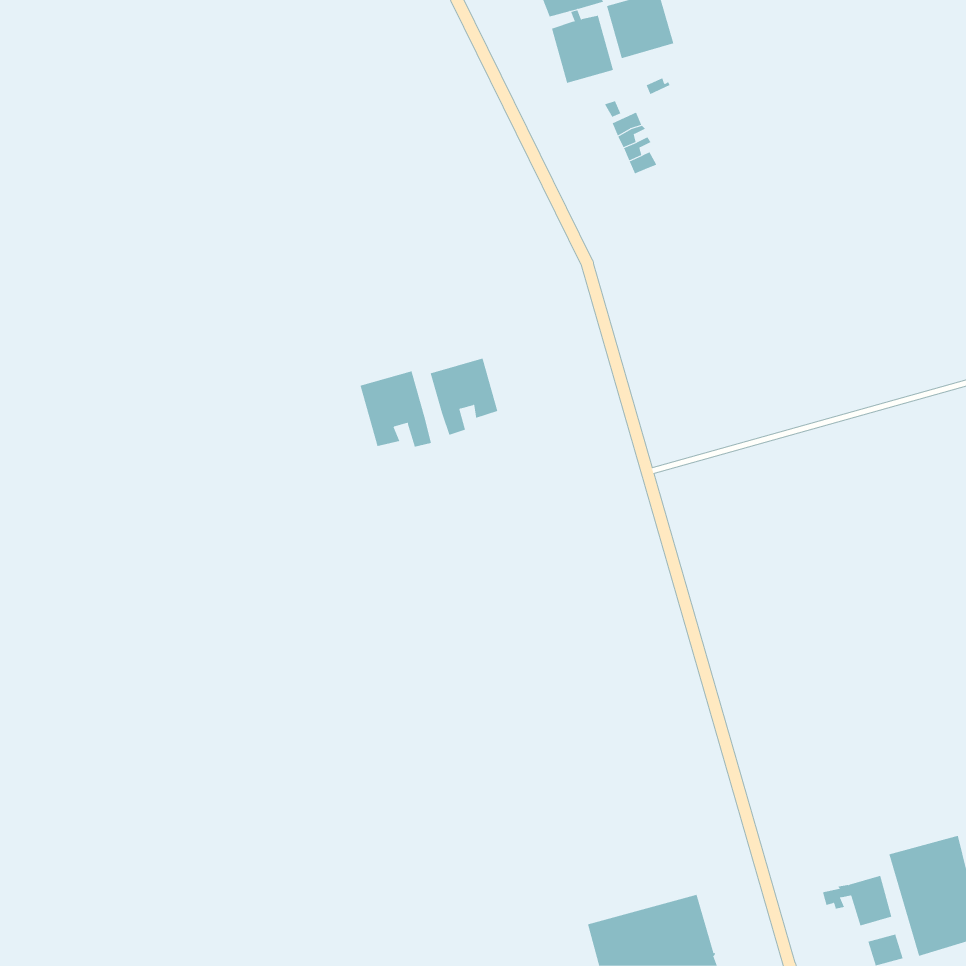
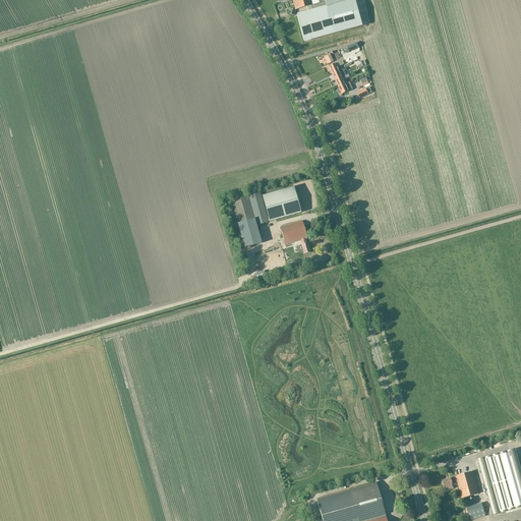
building: none -> [264,186,300,221]
building: [360,370,432,447] -> none
building: none -> [281,220,311,253]

